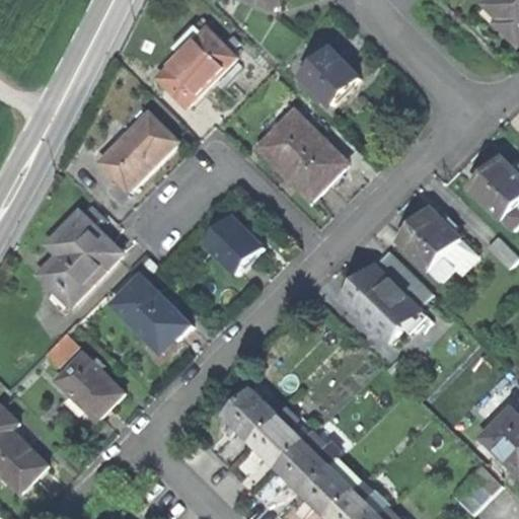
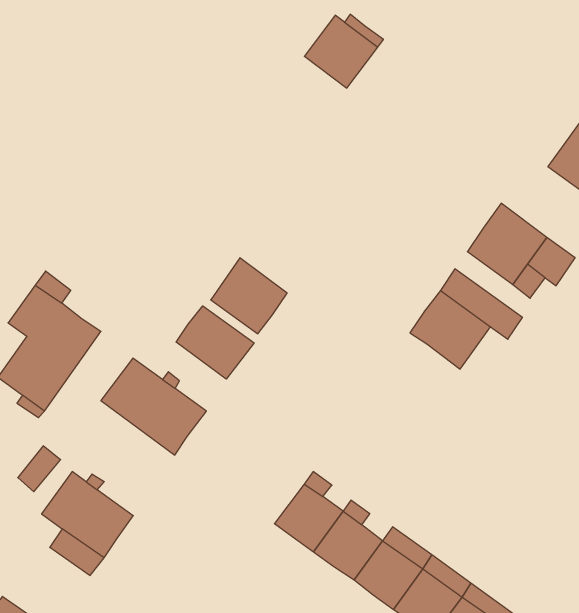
building: [156,28,232,105] -> none
building: [258,110,346,199] -> none
building: [99,115,175,191] -> none
building: none -> [176,306,254,379]
building: [353,297,418,340] -> none

